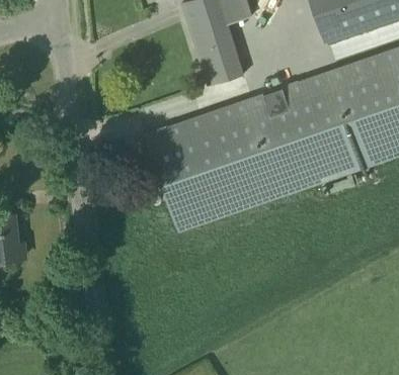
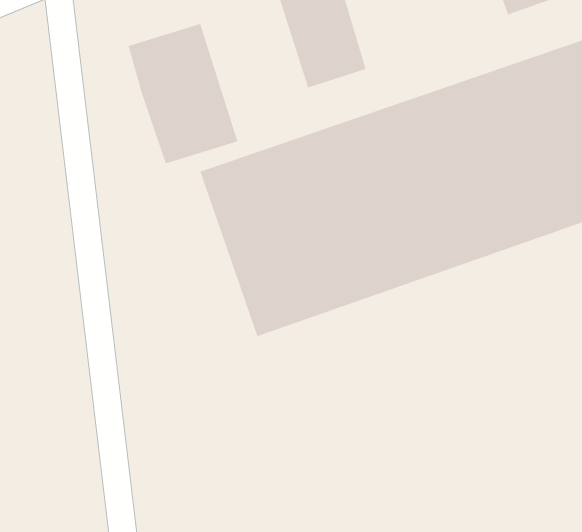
building: none -> [128,23,238,164]

